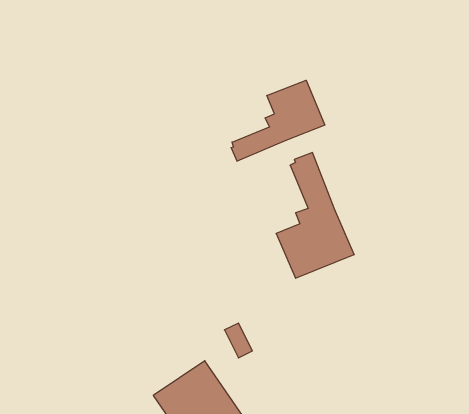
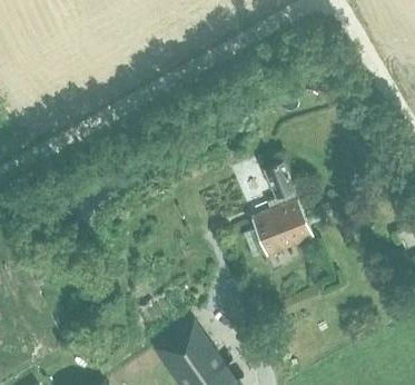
building: [231,80,325,161] -> none

